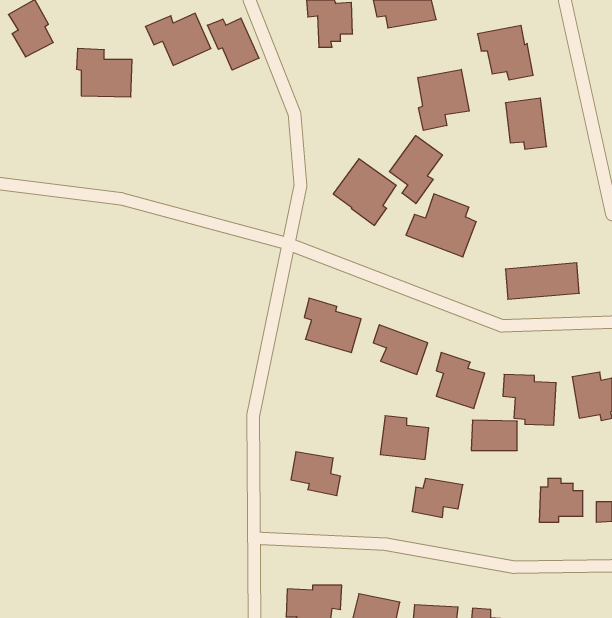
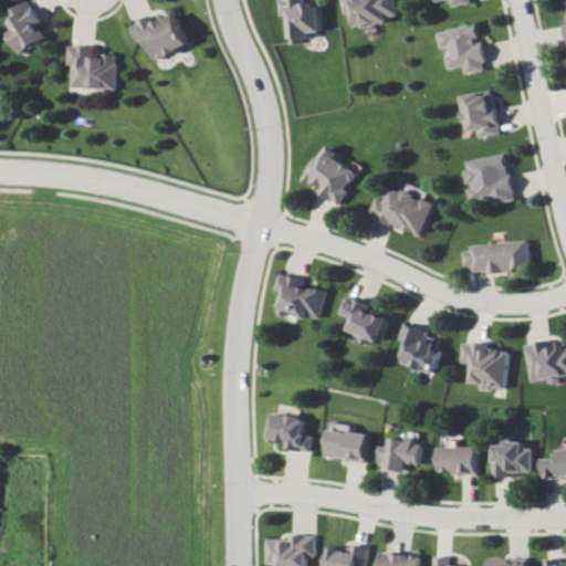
building: [207,18,259,70] -> none
building: [418,69,469,130] -> none
building: [389,136,442,204] -> none
building: none -> [464,155,513,205]
building: [380,416,429,459] -> [323,422,367,462]
building: [471,420,517,450] -> [436,447,478,474]

